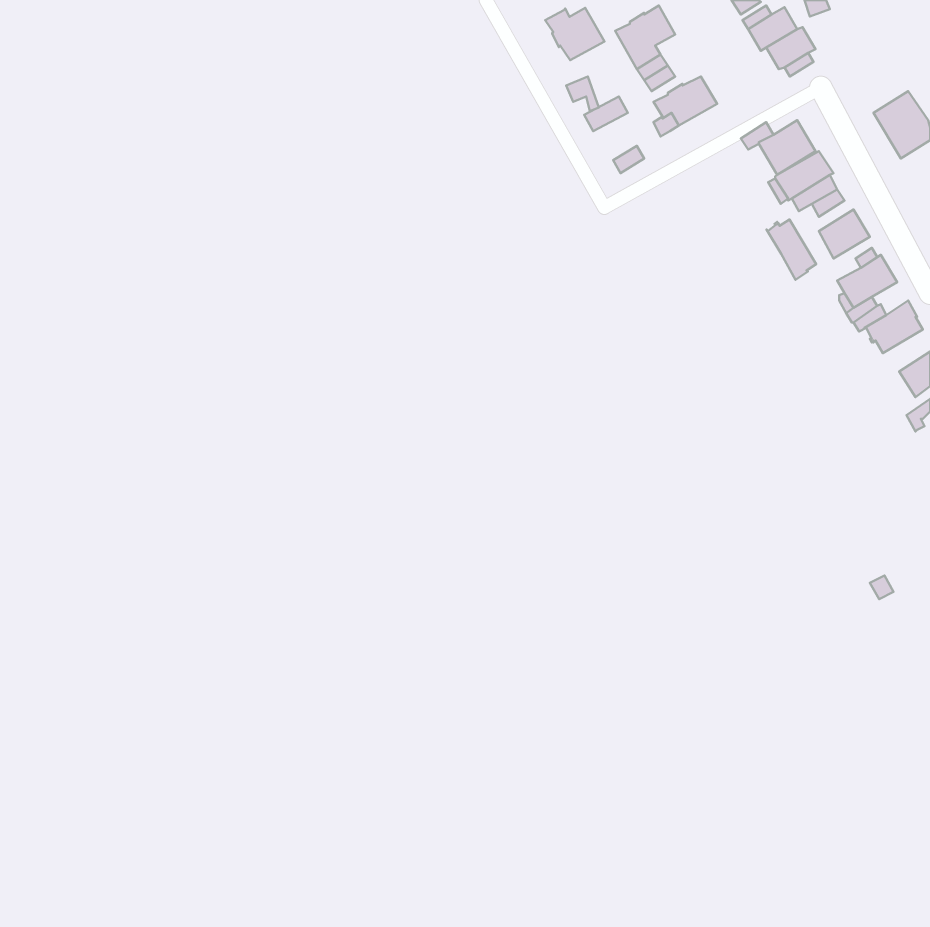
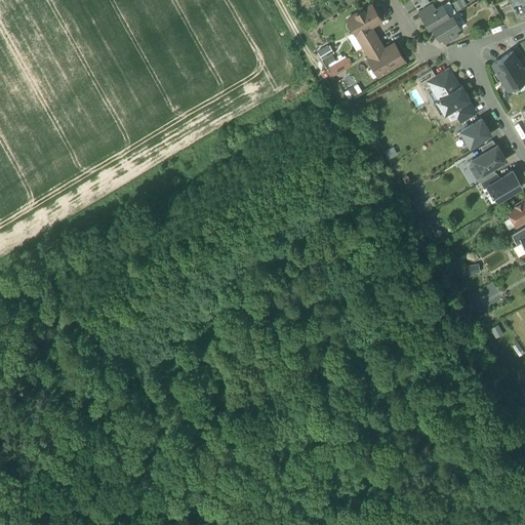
building: [545,8,604,60] -> none
building: [767,219,816,280] -> none

